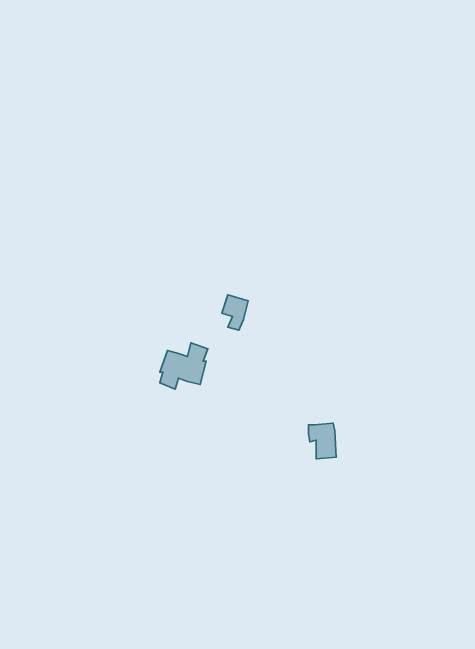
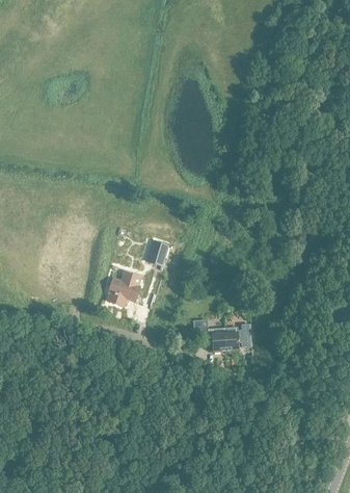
building: none -> [224,323,249,349]

